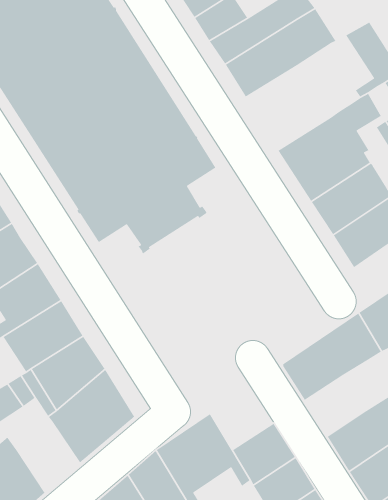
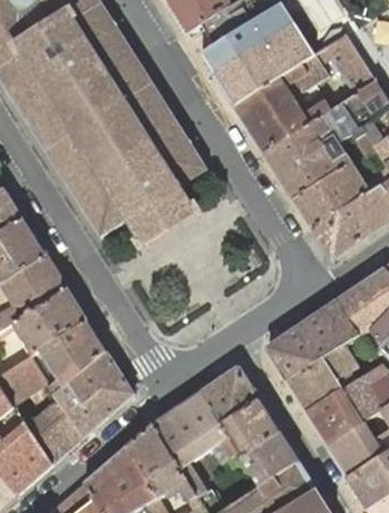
building: none -> [234,53,331,152]
building: none -> [288,343,358,412]
building: none -> [202,367,260,424]
building: none -> [27,398,84,463]

